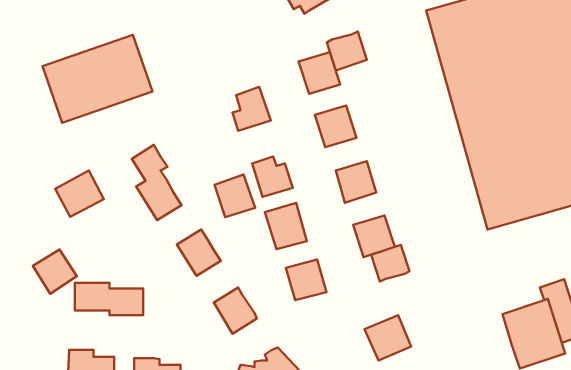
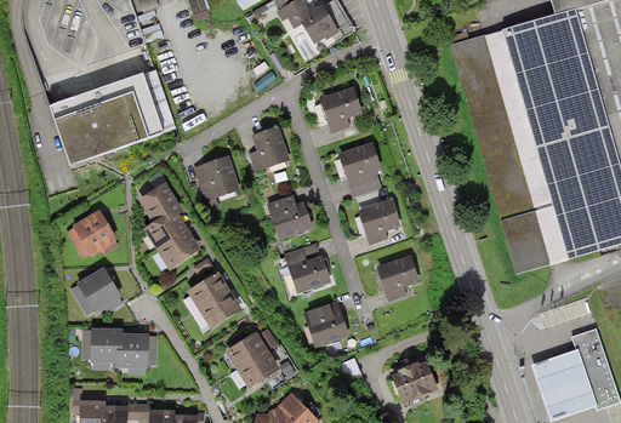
building: [327,32,367,70] -> none
building: [215,174,255,217] -> [198,156,240,201]
building: [371,245,409,281] -> none
building: [33,250,77,294] -> [75,270,121,316]

